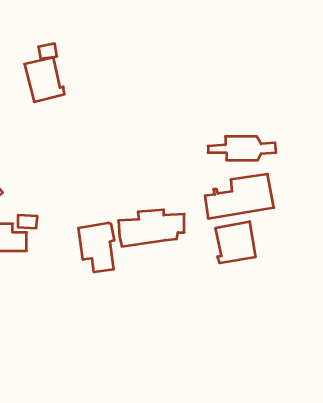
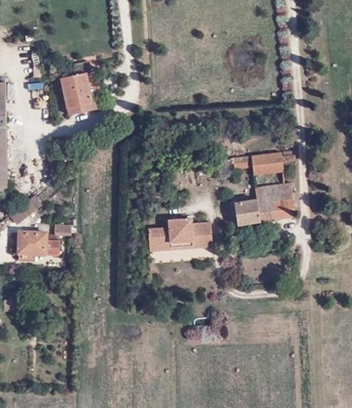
building: [216,221,255,263] -> none
building: [78,223,114,272] -> none

